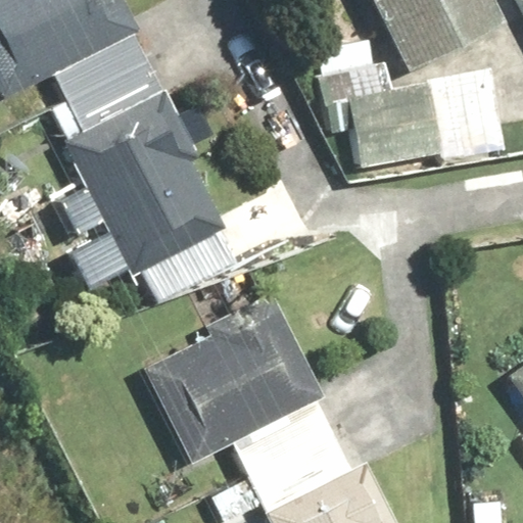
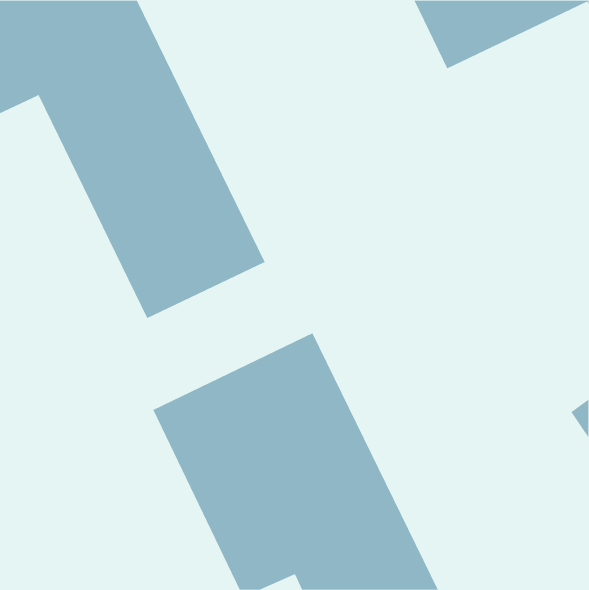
building: [346,67,507,169] -> none

